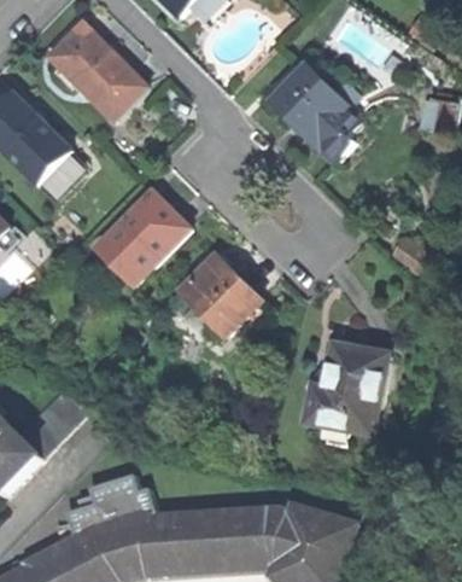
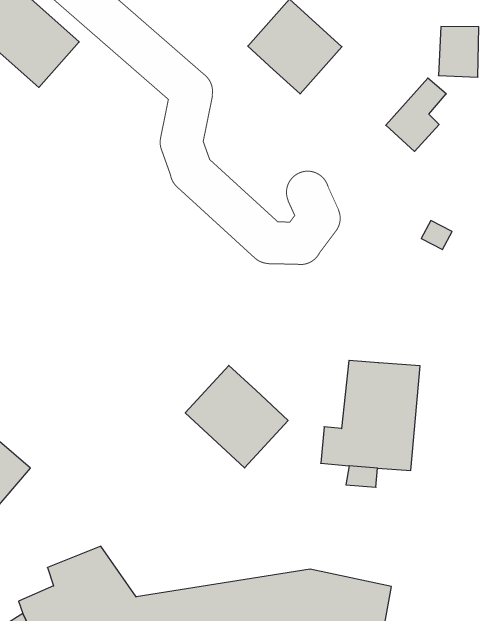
building: [311,105,359,161] -> [386,78,446,151]
building: [97,192,187,281] -> none
building: [181,255,259,334] -> [185,365,288,468]

